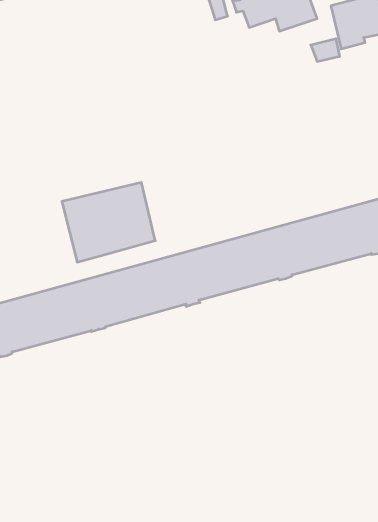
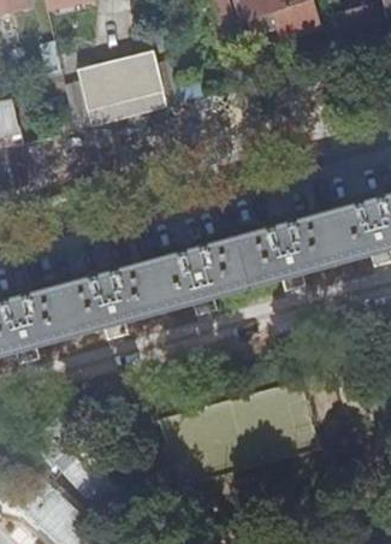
building: [62,183,155,262] -> [78,51,167,126]

